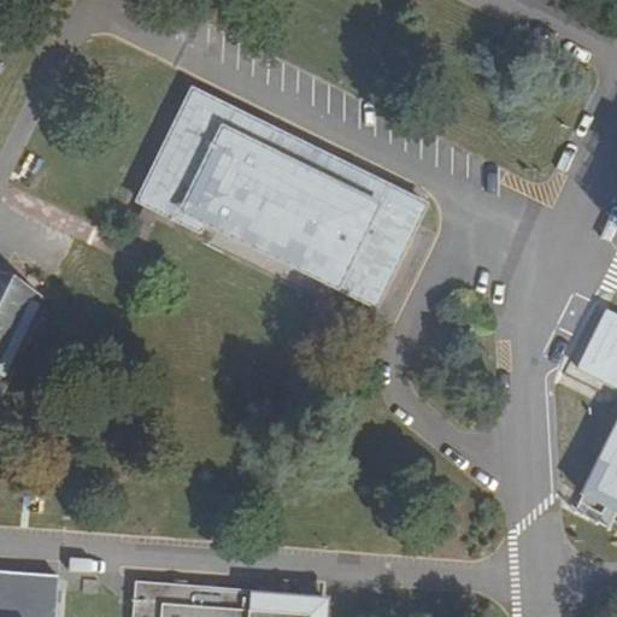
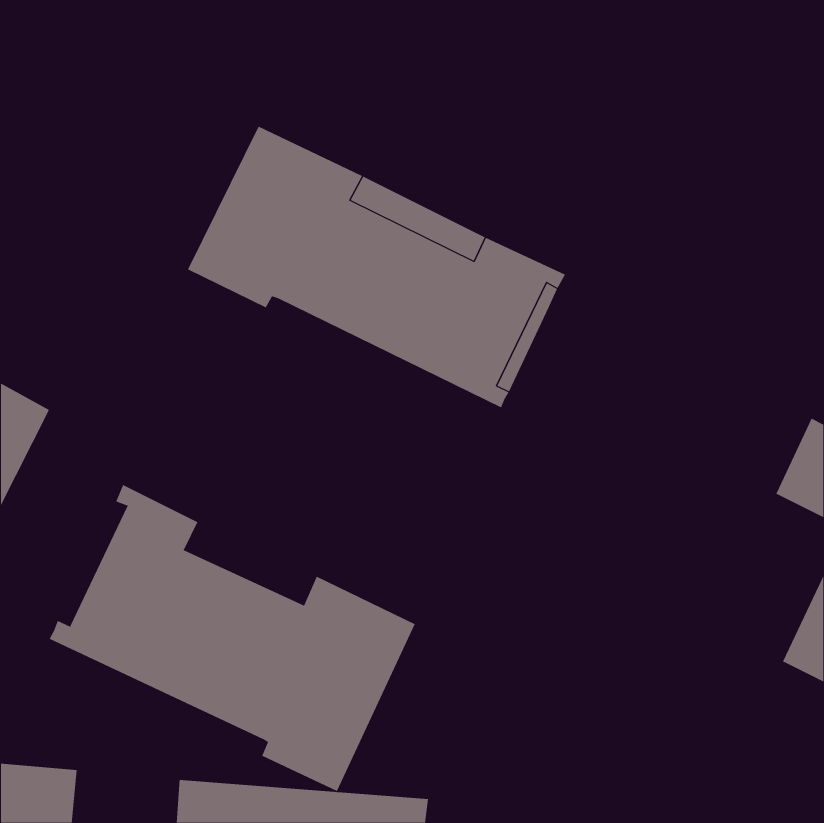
building: none -> [49,484,416,792]

